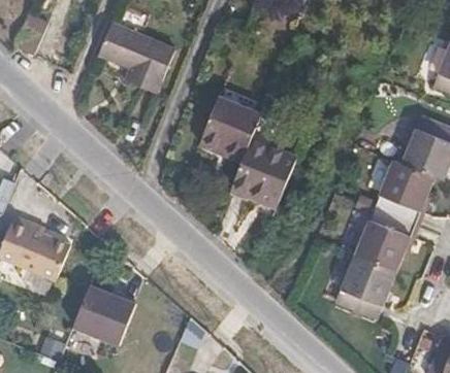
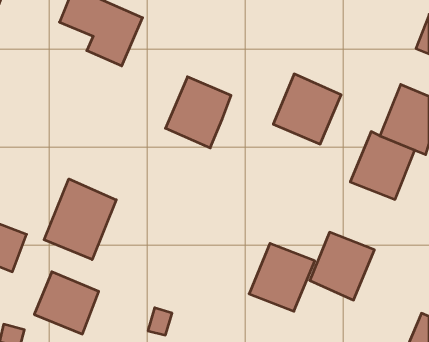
building: [232,142,296,208] -> [273,74,341,144]
building: none -> [44,179,116,260]
building: [353,202,415,266] -> [249,243,315,311]

